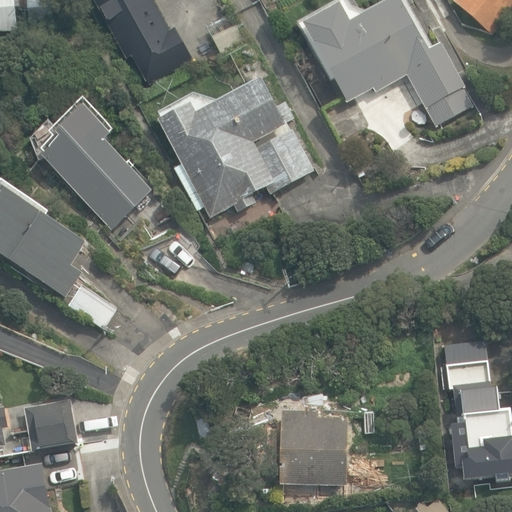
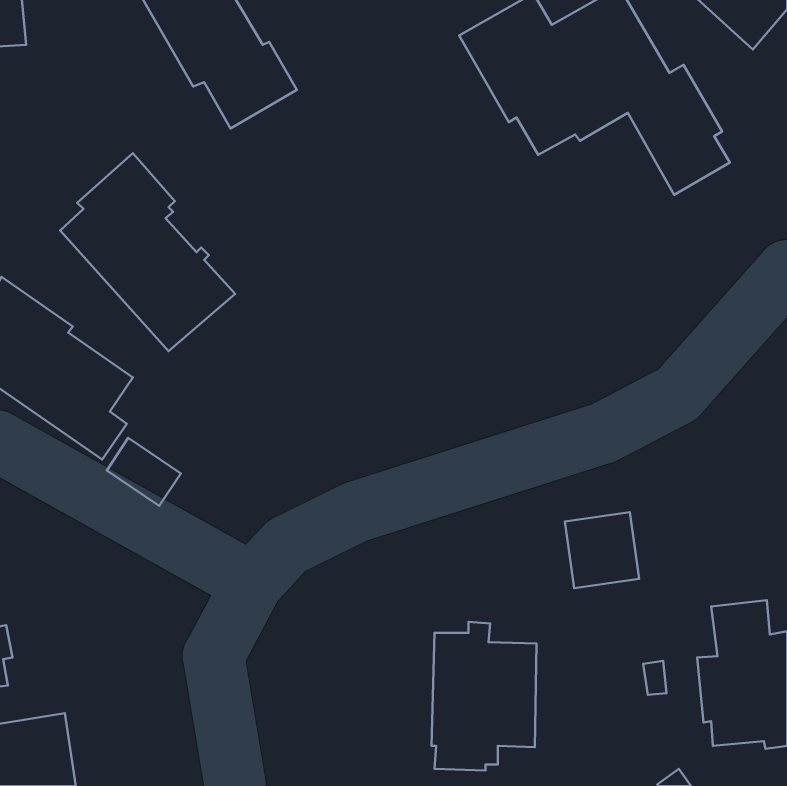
building: [160,78,313,217] -> none
building: [441,339,489,388] -> [565,512,639,588]
building: [20,397,78,450] -> none

